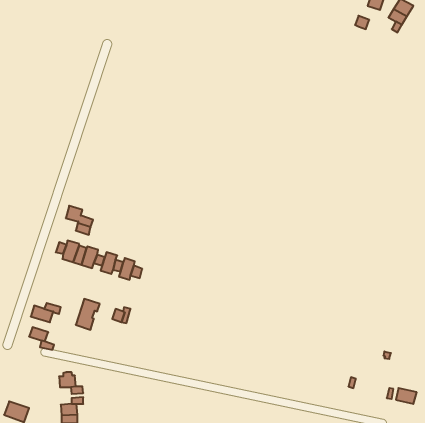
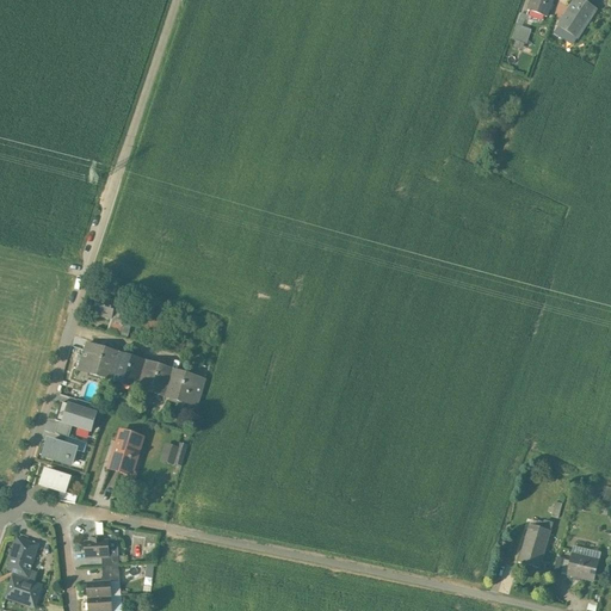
building: none -> [56,400,97,428]
building: none -> [518,518,553,566]
building: none -> [7,537,39,572]

